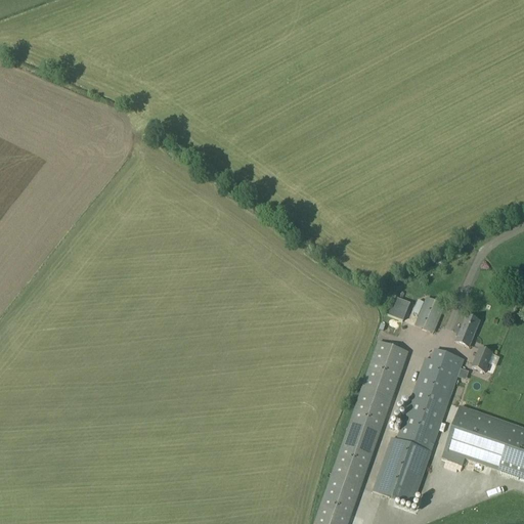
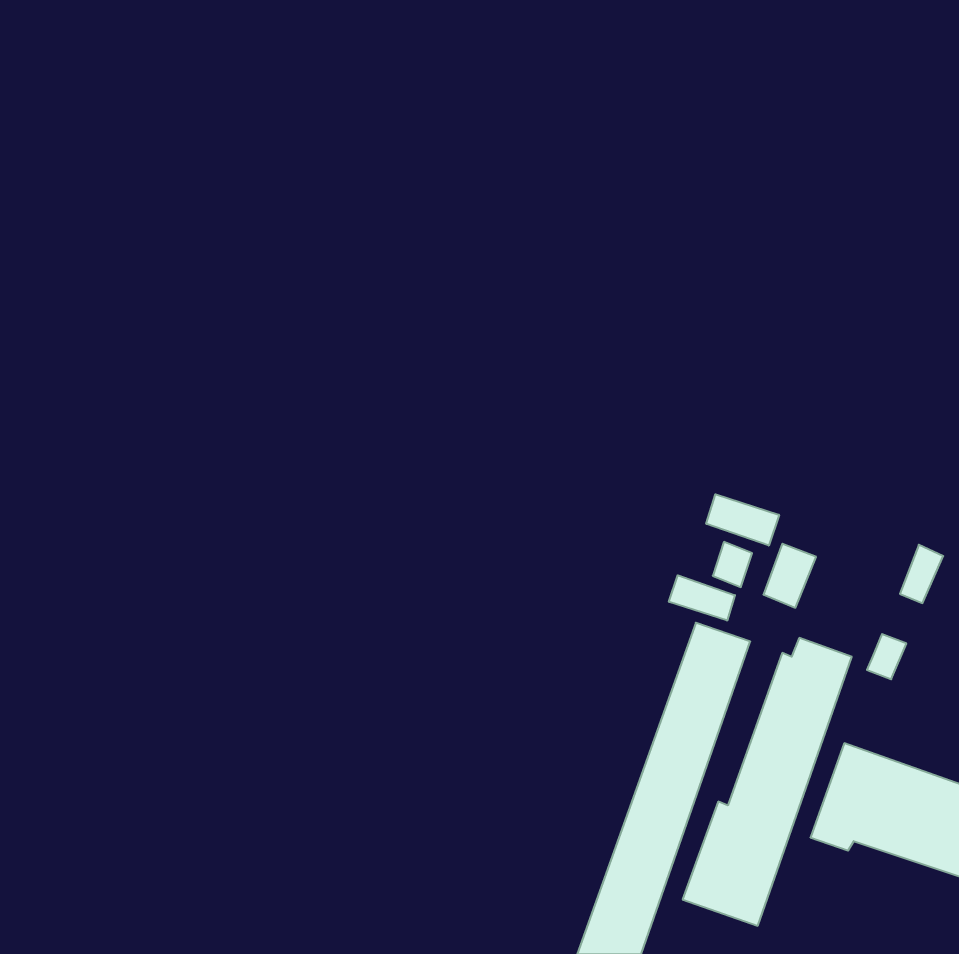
building: none -> [706,494,779,546]
building: none -> [669,575,735,621]
building: [457,313,481,345] -> [900,545,943,603]

